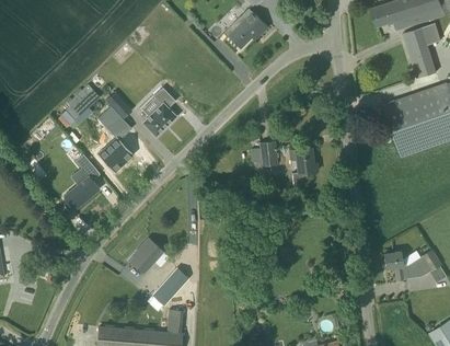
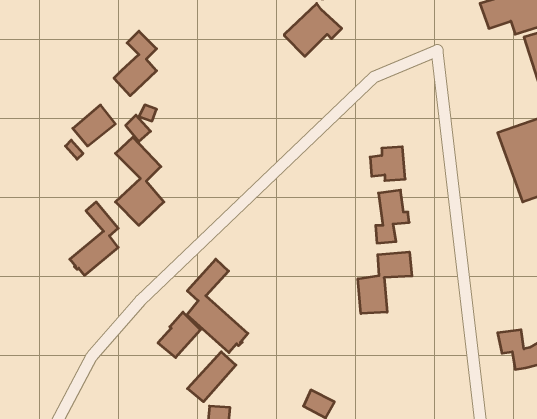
building: [143,88,175,136] -> [114,31,157,96]
building: [251,141,277,166] -> [370,147,405,181]
building: none -> [358,252,412,314]
building: none -> [187,259,248,353]

